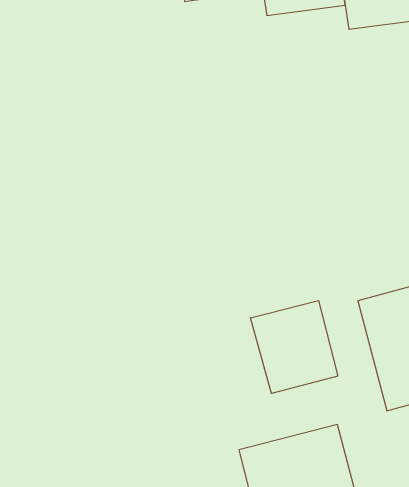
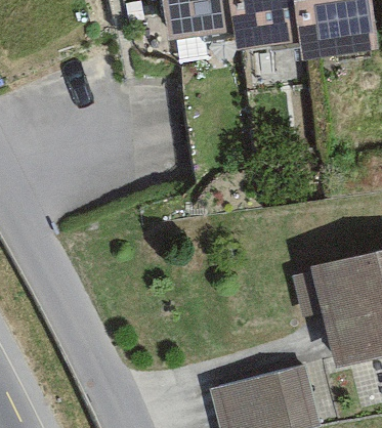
building: [250,301,338,393] -> none

